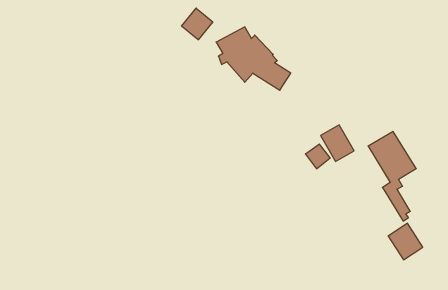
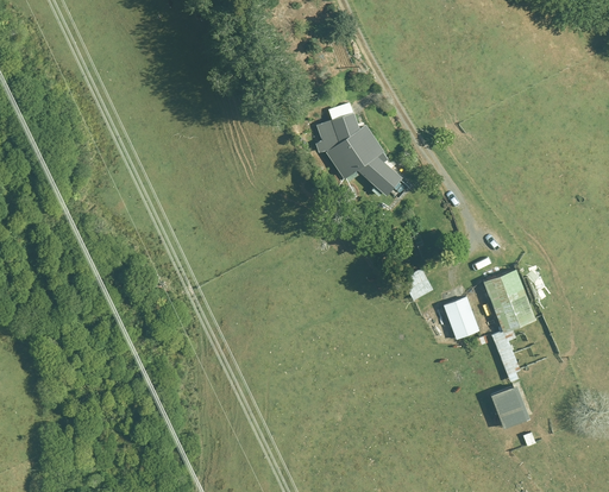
building: [182,8,213,40] -> none
building: [321,125,354,161] -> [442,296,481,340]

